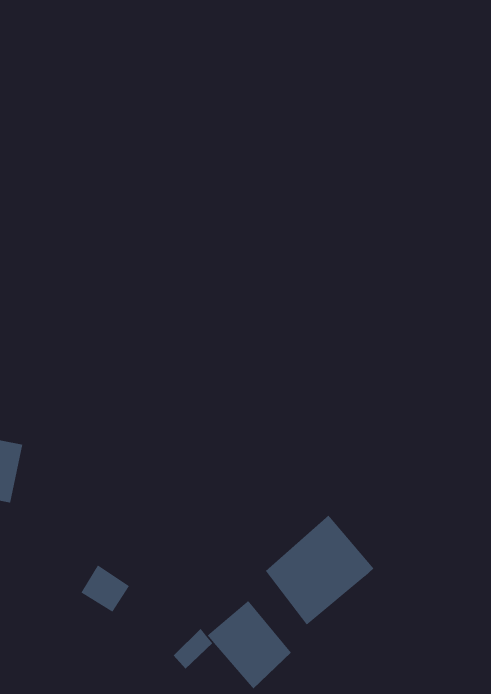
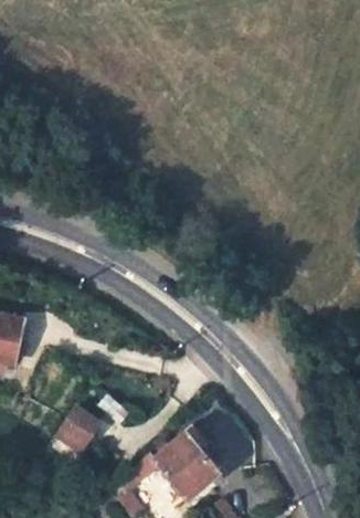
building: [265,515,374,626] -> none

